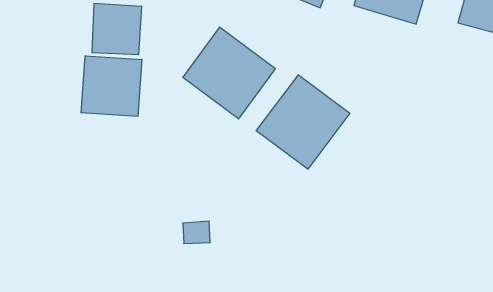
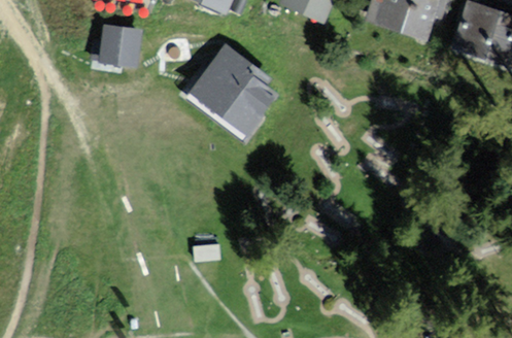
building: [81,56,142,116] -> none
building: [256,75,350,169] -> none

